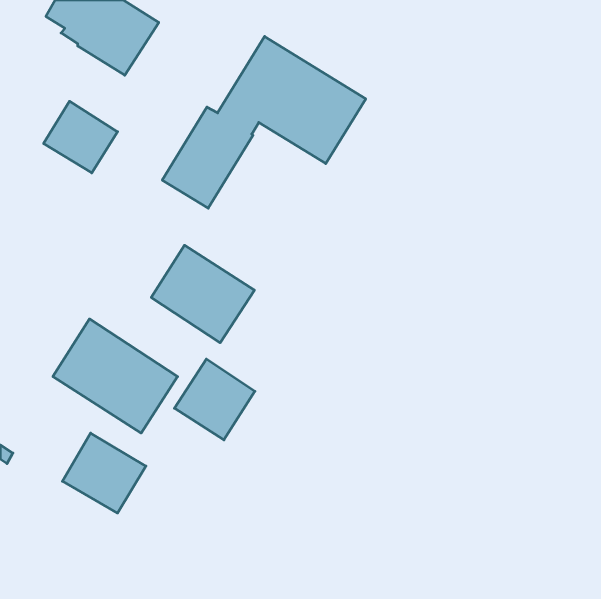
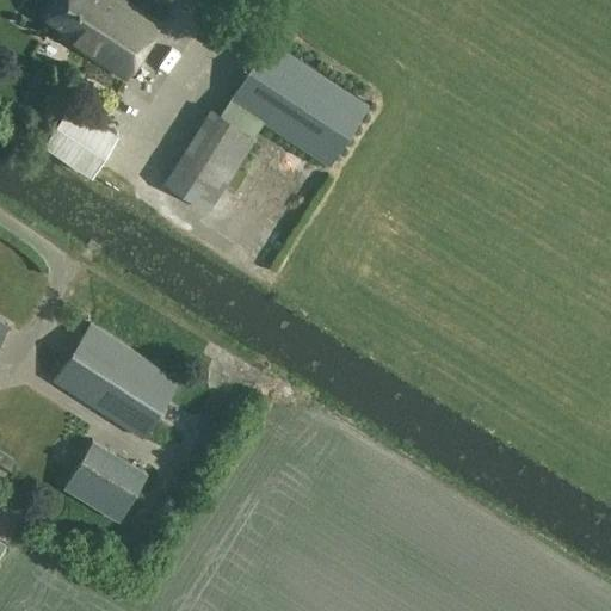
building: [151,245,254,343] -> none
building: [174,359,255,440] -> none

